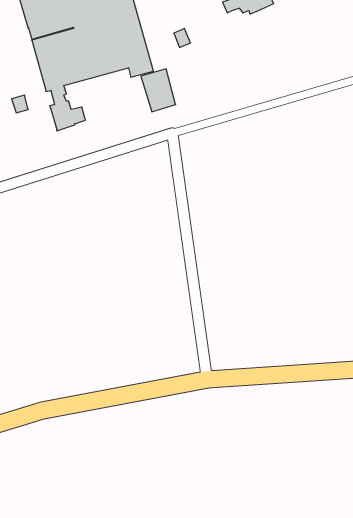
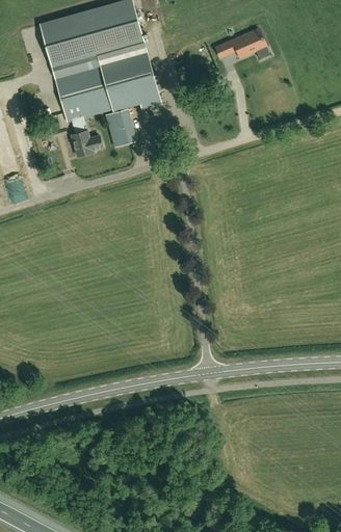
building: [141,69,176,112] -> [105,108,135,145]

